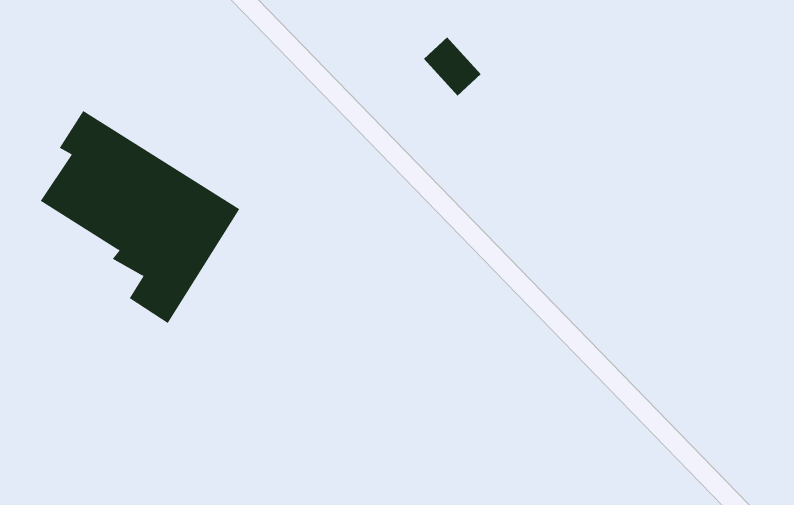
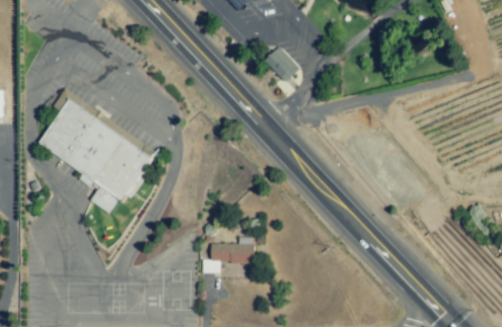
building: none -> [202,238,254,273]

